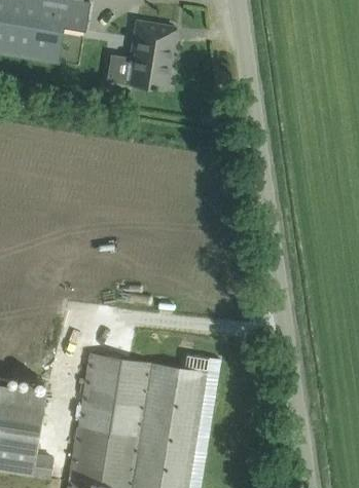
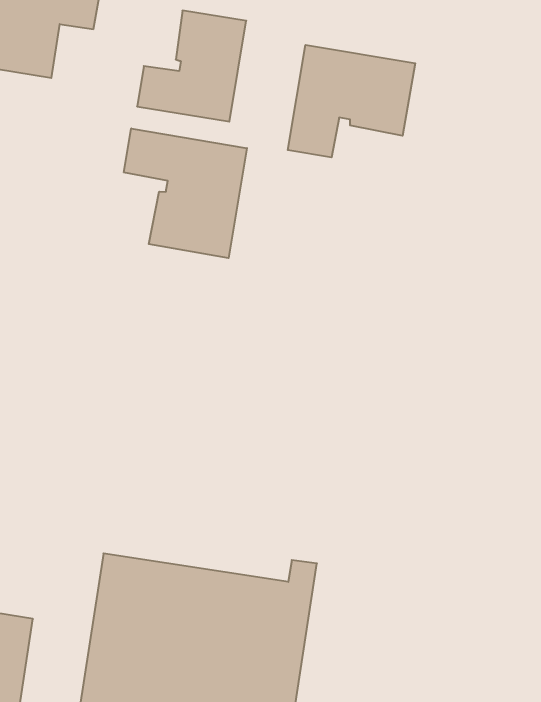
building: none -> [288,45,415,157]
building: none -> [124,128,247,258]

